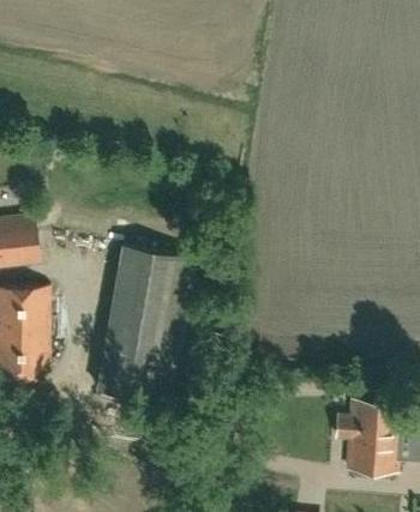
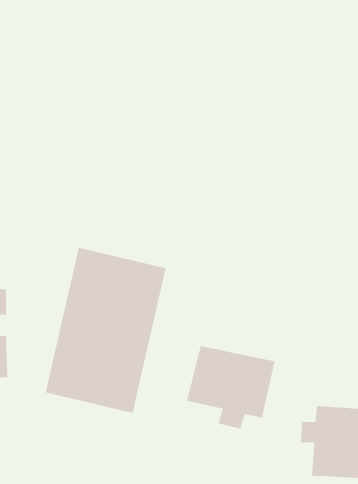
building: none -> [186,345,276,430]

